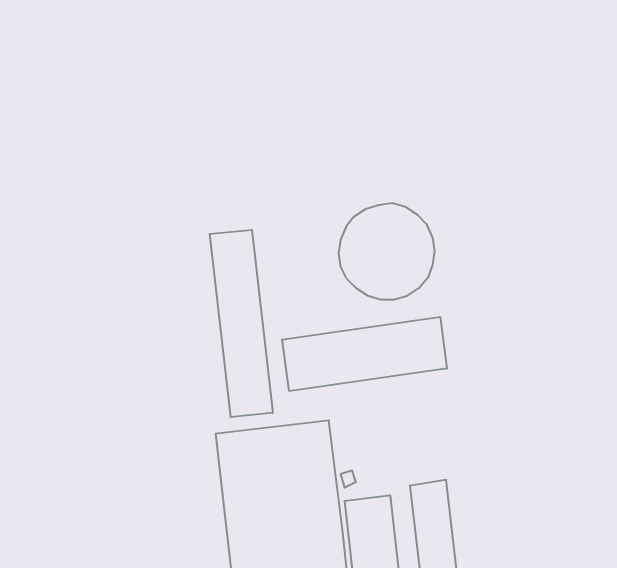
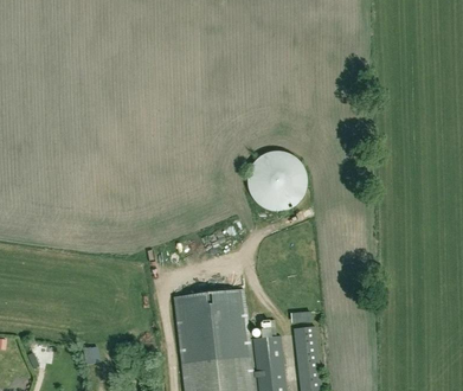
building: [210,230,273,417] -> none
building: [282,317,447,391] -> none

